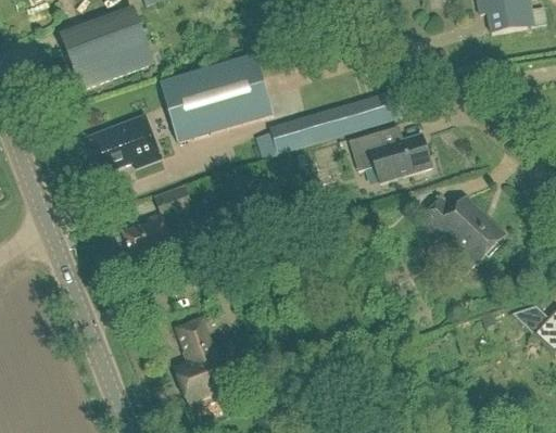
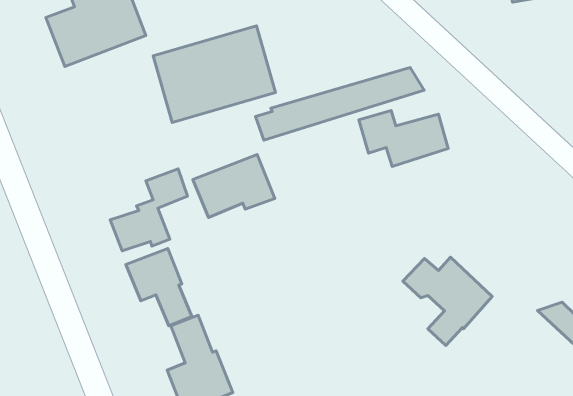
building: [86,115,161,173] -> [193,154,275,217]
building: [421,196,503,277] -> [403,257,492,345]
building: none -> [126,248,192,326]

